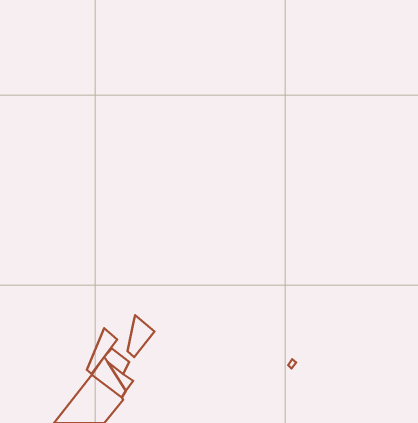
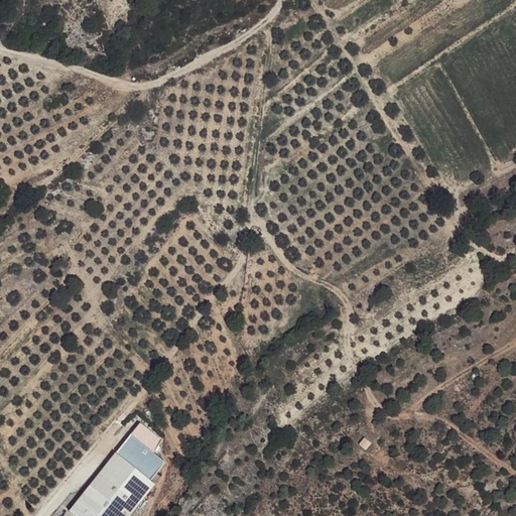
building: [127,315,154,357] -> none
building: [87,328,117,374] -> none

